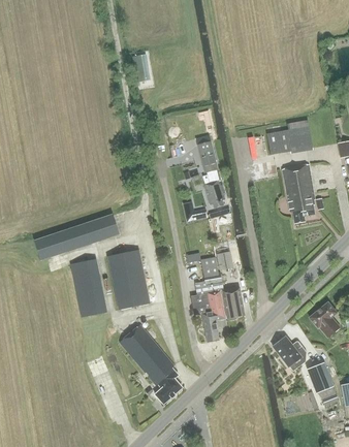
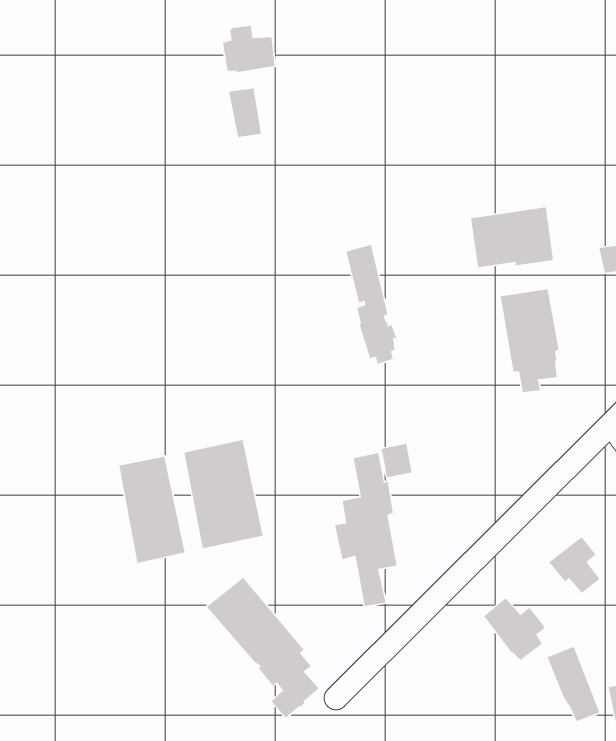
building: none -> [222,25,276,73]
building: [33,213,119,260] -> none
building: [222,287,245,320] -> none

